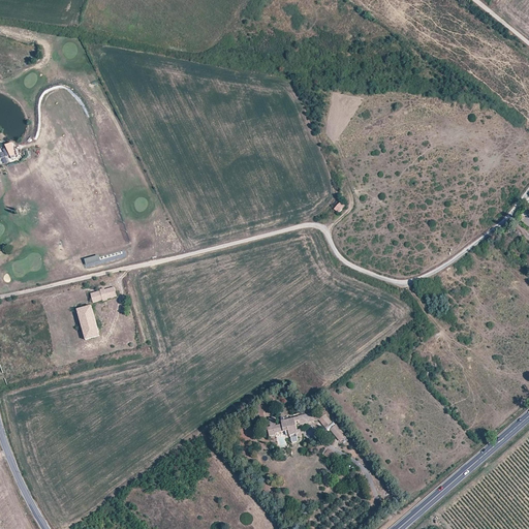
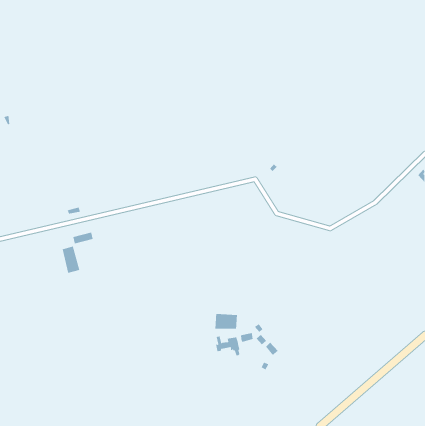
building: none -> [215,313,237,330]

